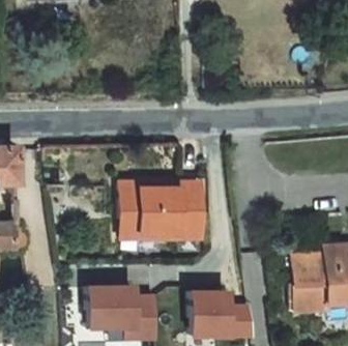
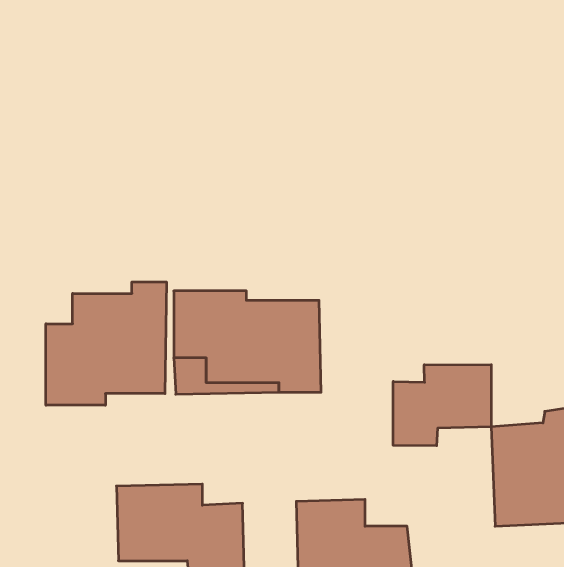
building: none -> [46,282,166,405]
building: none -> [393,365,491,446]

